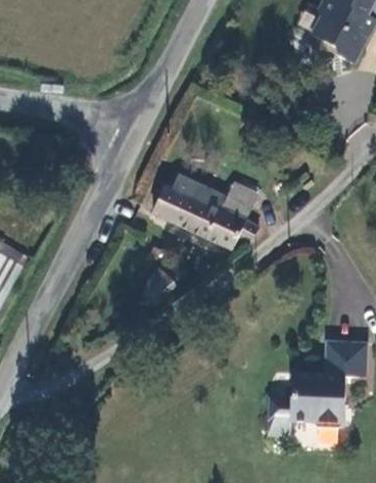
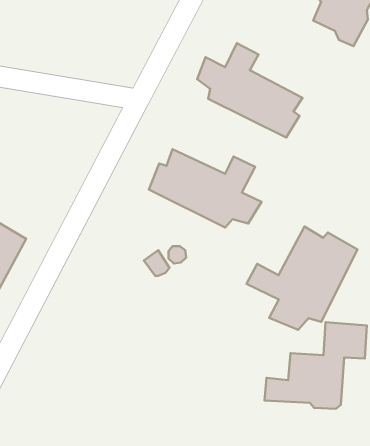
building: none -> [197,43,302,138]
building: none -> [246,227,357,330]

